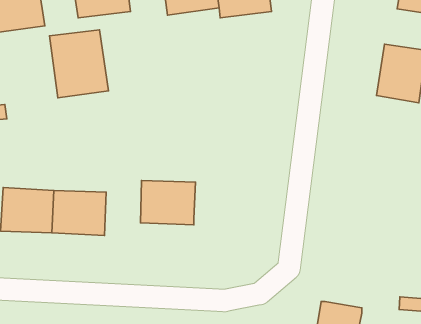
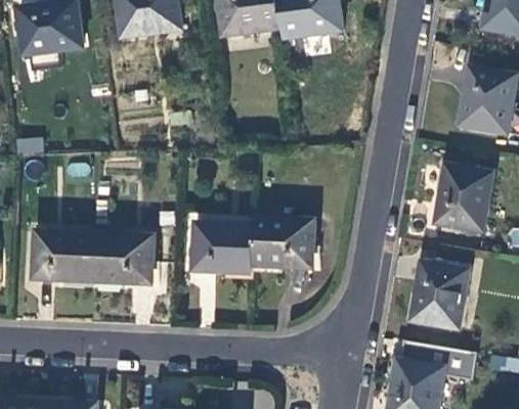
building: [49,30,109,98] -> none
building: none -> [435,165,492,230]
building: none -> [253,218,314,267]
building: none -> [412,261,468,328]
building: none -> [401,337,477,376]

